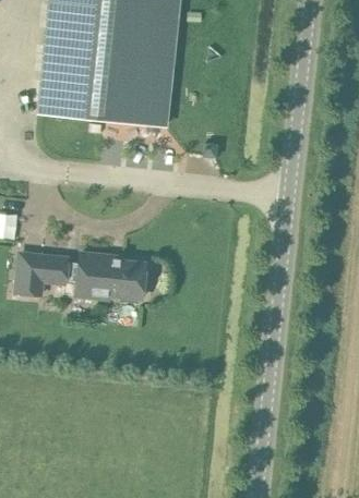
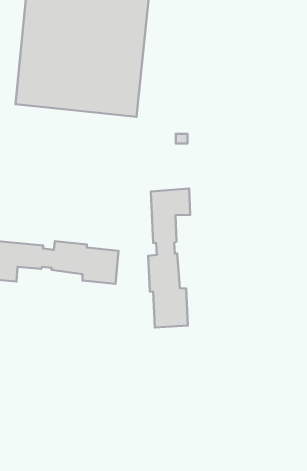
building: none -> [148,189,190,328]

